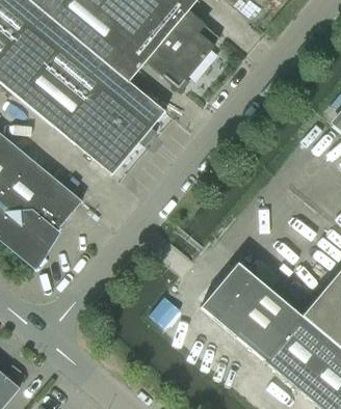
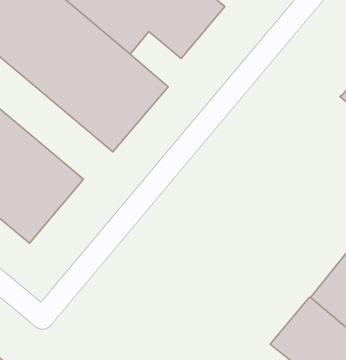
building: [201,263,300,360] -> none

